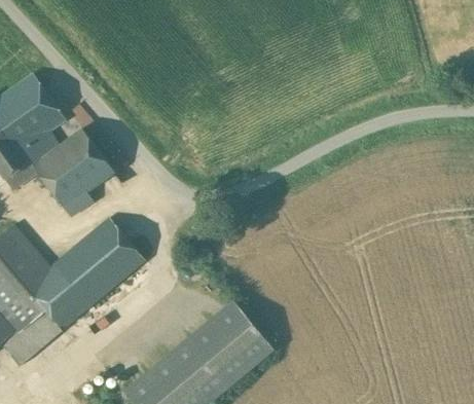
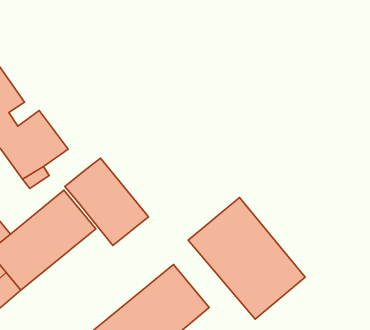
building: none -> [65,158,148,245]
building: none -> [188,197,305,319]

